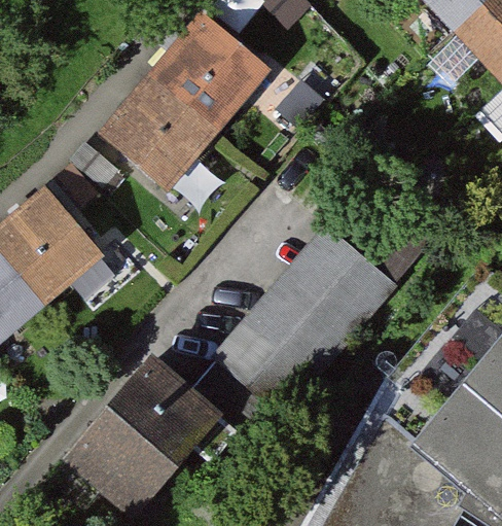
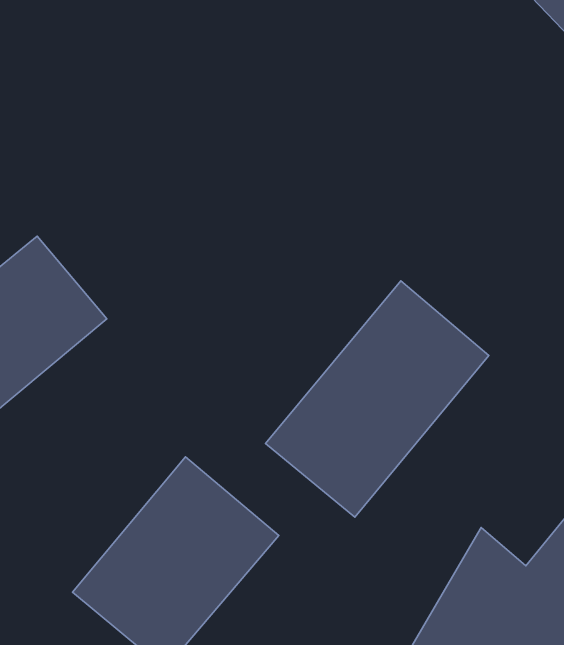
building: [99,15,257,184] -> none

